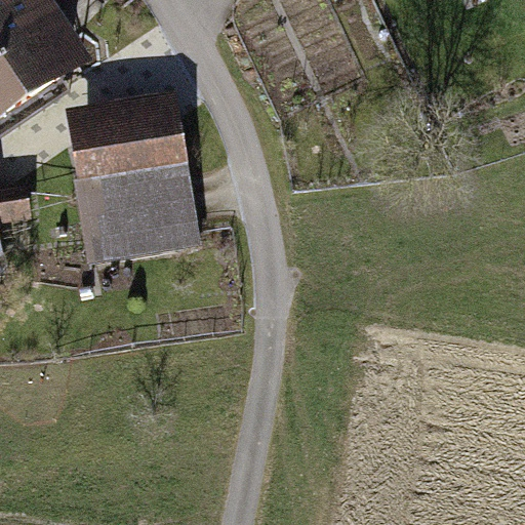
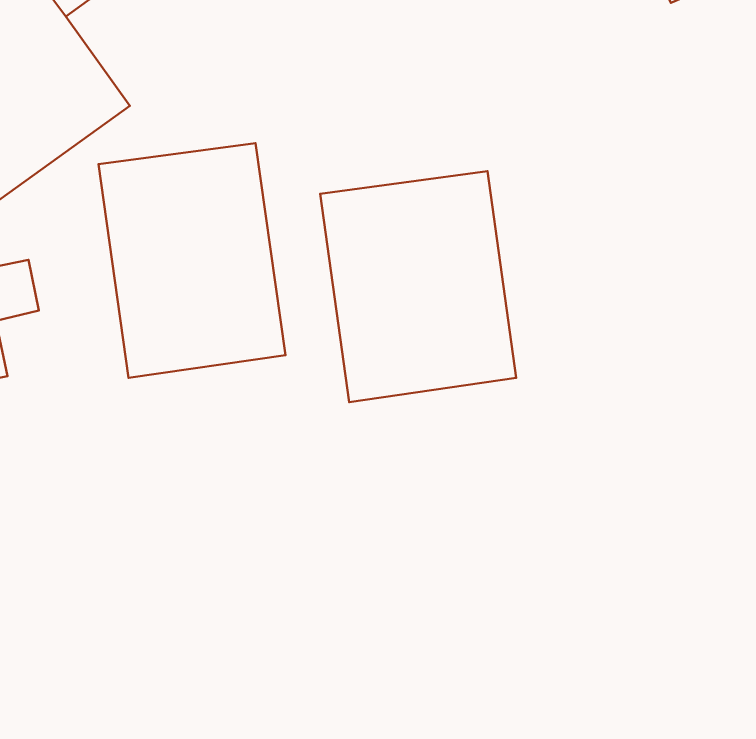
building: none -> [320,171,516,402]

